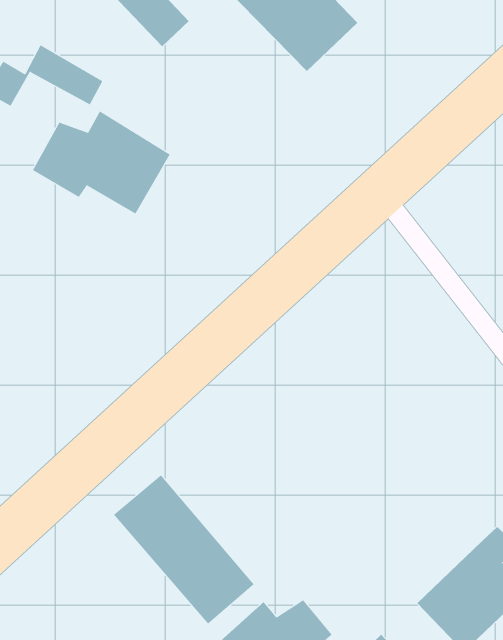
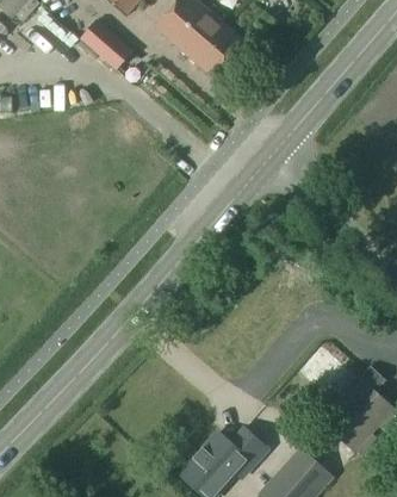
building: [32,111,171,214] -> none
building: [113,475,254,624] -> none

